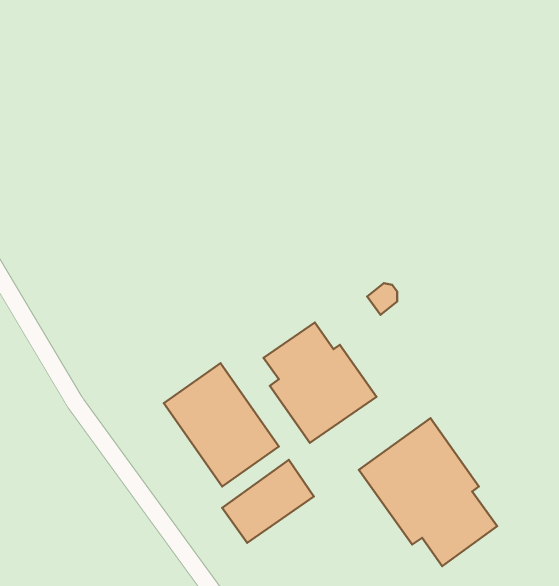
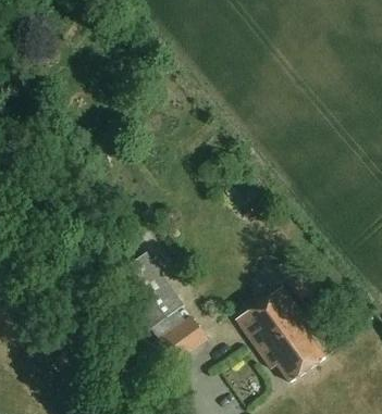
building: [264,322,376,443] -> none

